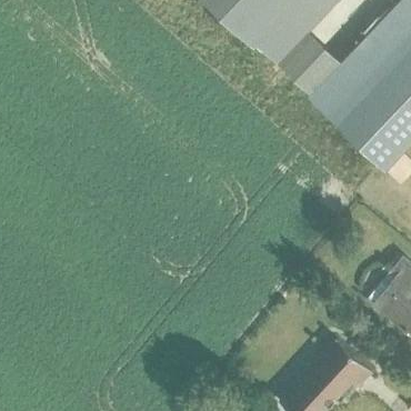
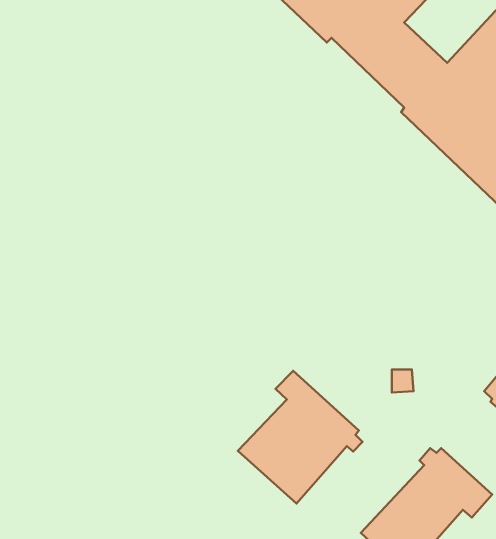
building: none -> [238,371,363,503]

